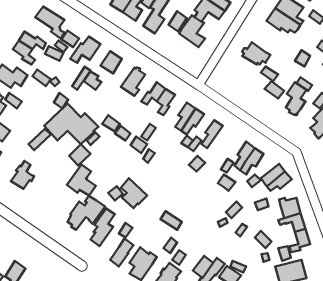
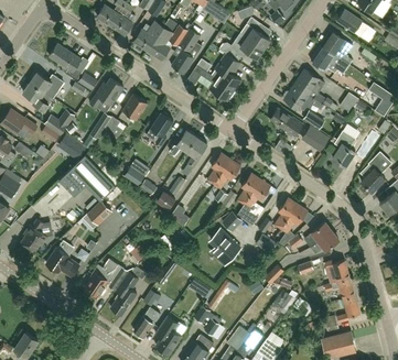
building: none -> [187,66,234,101]
building: none -> [294,69,333,107]
building: none -> [270,109,302,137]
building: none -> [238,179,271,225]
building: [67,165,96,196] -> [46,241,79,276]
building: [121,178,147,208] -> [211,229,240,263]

